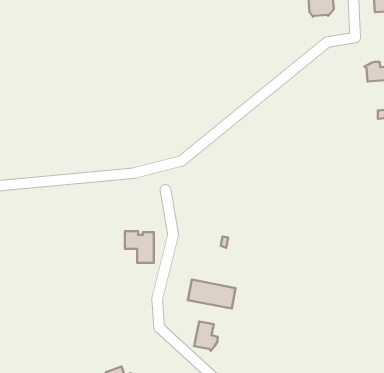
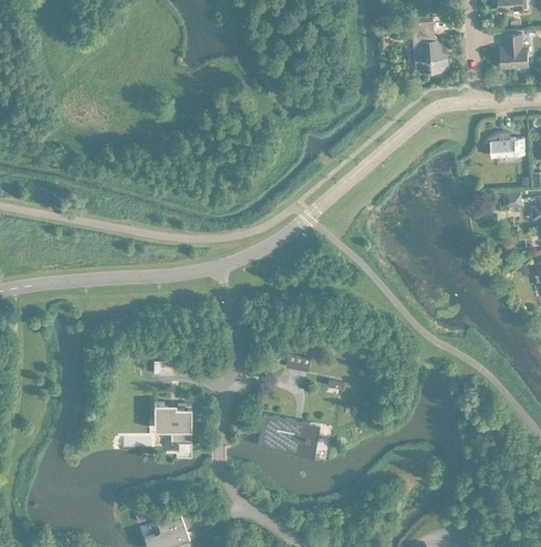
building: [125,231,154,263] -> [155,402,192,443]
building: [194,321,218,351] -> none

